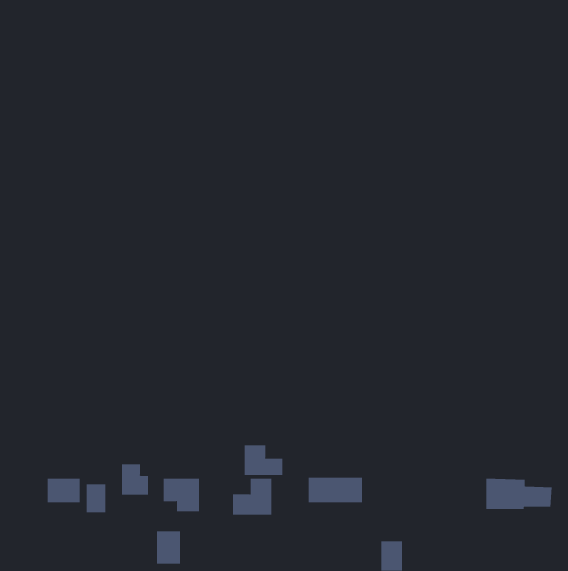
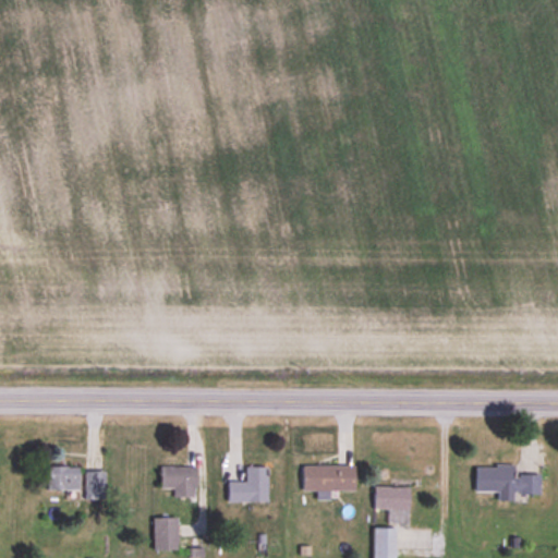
building: [244,445,283,476] -> none
building: [121,463,149,495] -> none
building: none -> [375,487,410,511]

